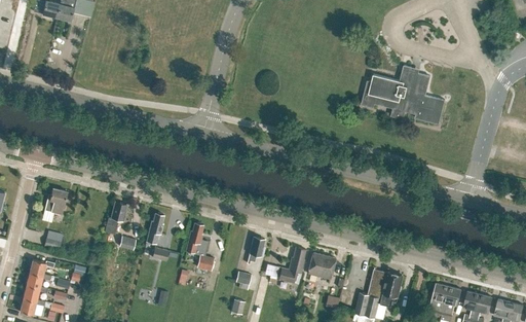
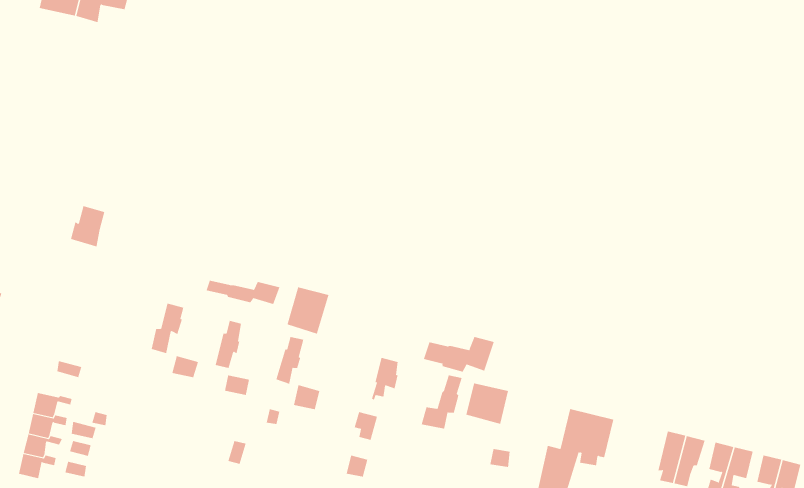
building: [362,66,445,124] -> none
building: none -> [206,280,280,305]
building: [44,188,67,215] -> [70,206,105,247]
building: none -> [287,286,329,335]
building: none -> [423,336,495,372]

